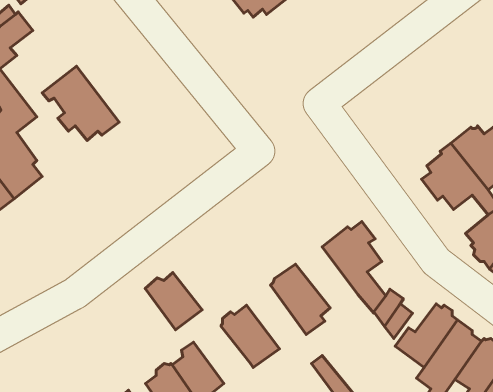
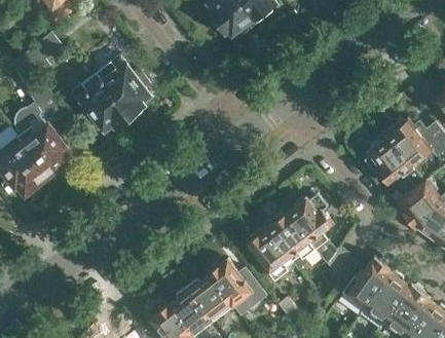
building: none -> [97,57,150,117]
building: none -> [266,214,314,269]
building: [145,273,202,330] -> [187,275,231,320]

